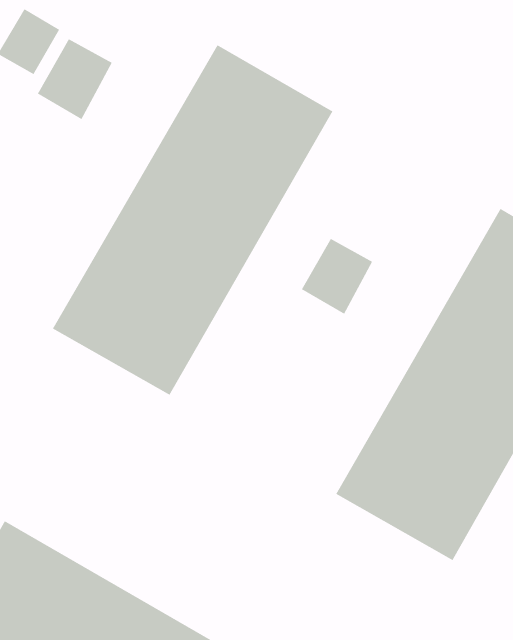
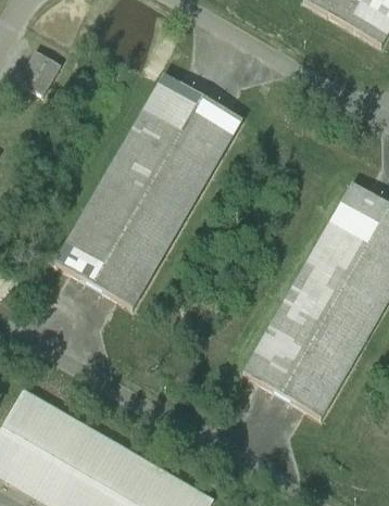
building: [37,38,113,120] -> none
building: [301,238,373,315] -> none

